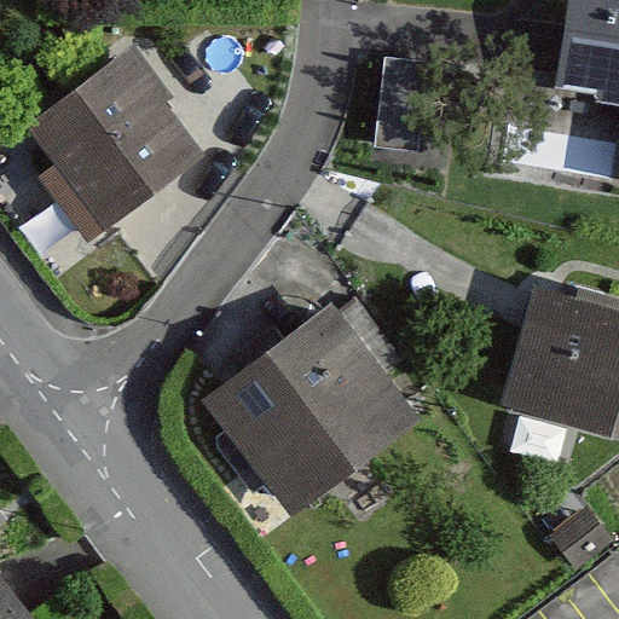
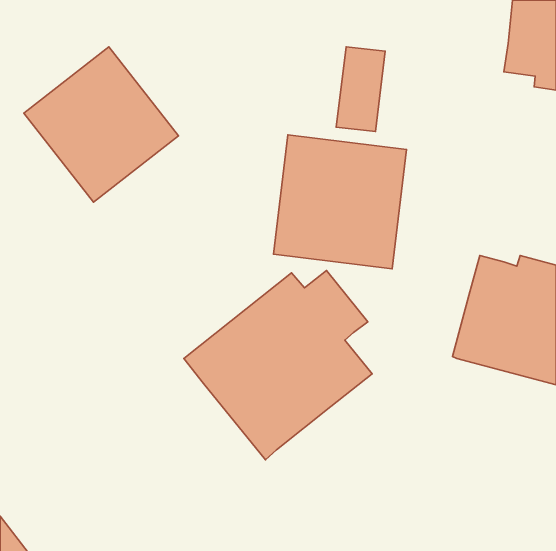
building: none -> [273,135,407,269]

